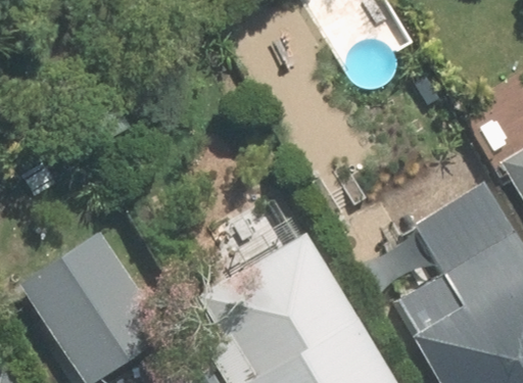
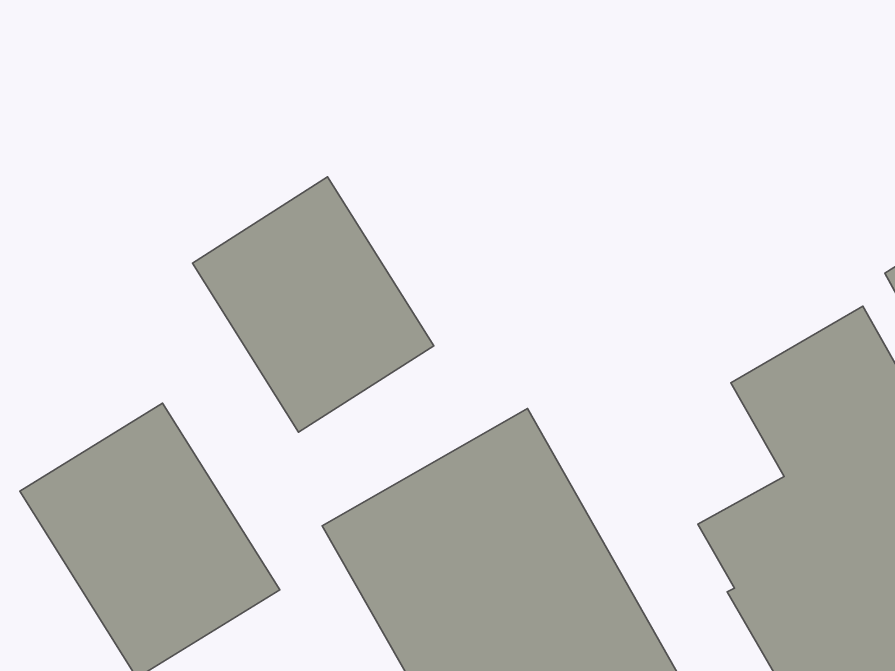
building: none -> [192,177,434,432]

